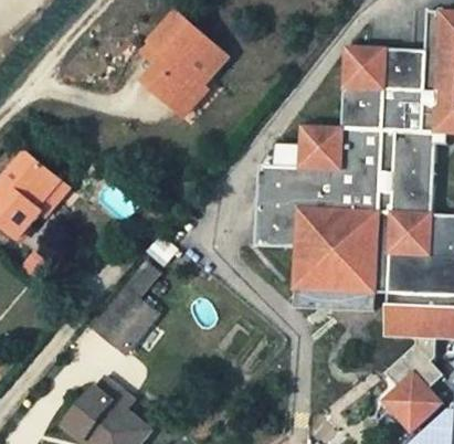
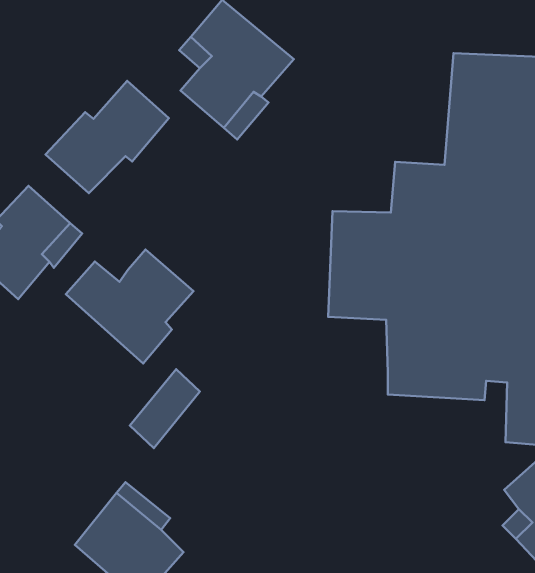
building: none -> [45,81,169,193]
building: none -> [66,249,193,363]

